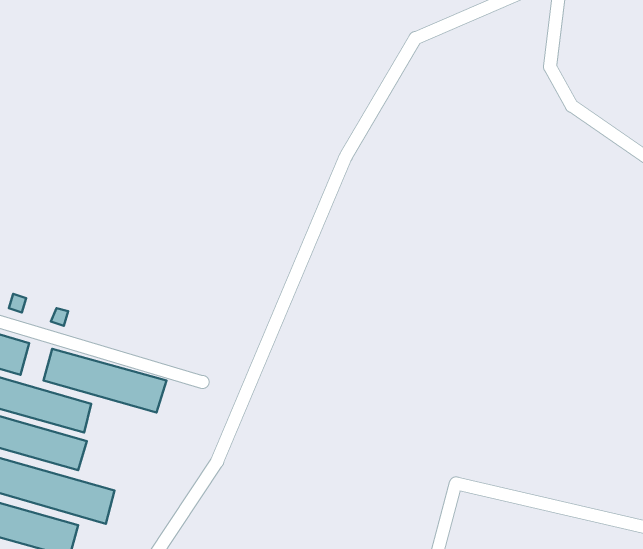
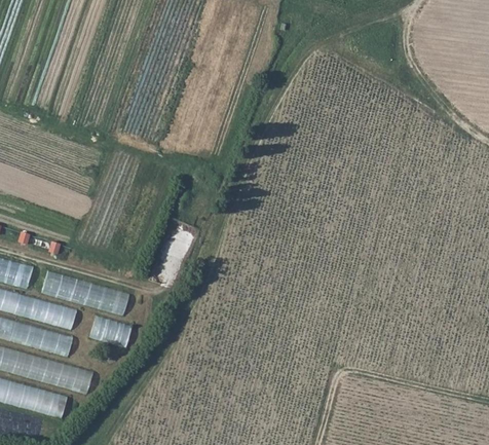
building: none -> [89,314,133,348]

